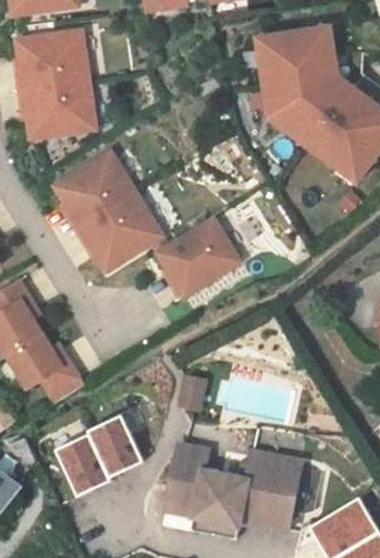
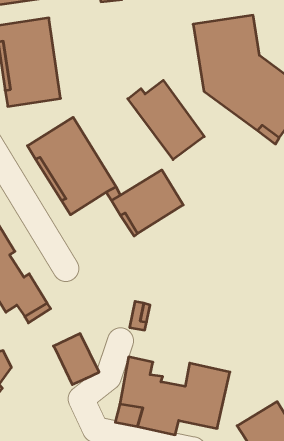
building: none -> [128,80,204,160]
building: [54,434,110,497] -> none

